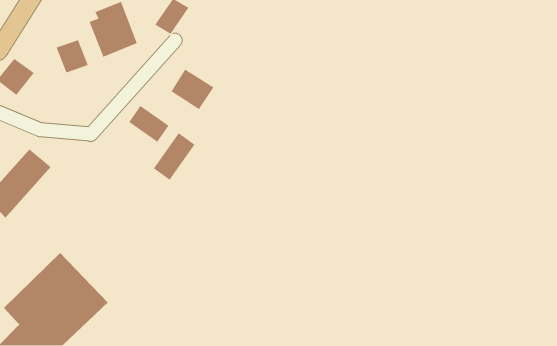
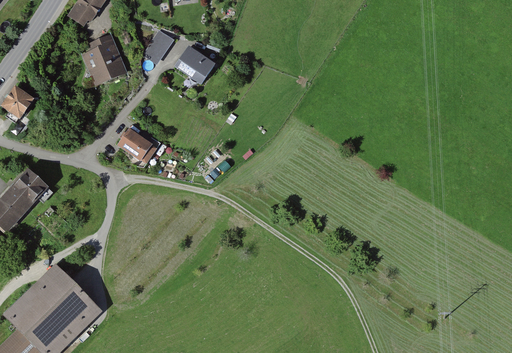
building: [55,39,89,73] -> none
building: [171,69,214,110] -> [175,45,215,83]
building: [153,132,195,181] -> none

